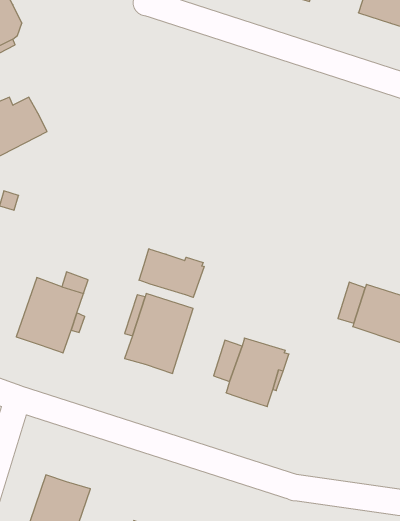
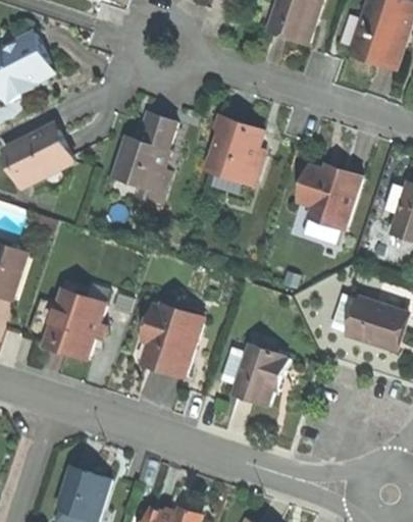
building: none -> [111,112,175,194]
building: none -> [206,117,262,185]
building: none -> [296,165,360,229]
building: [139,249,204,297] -> none

